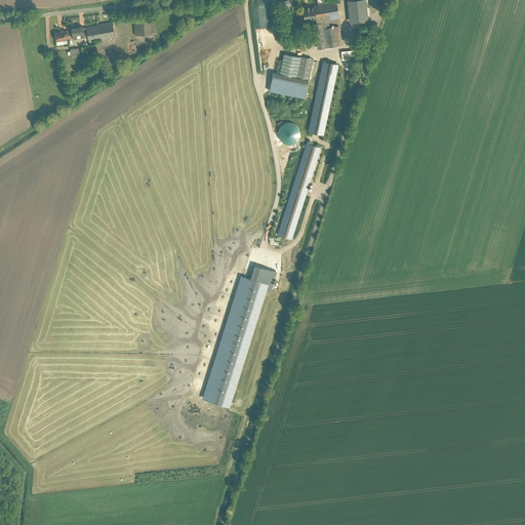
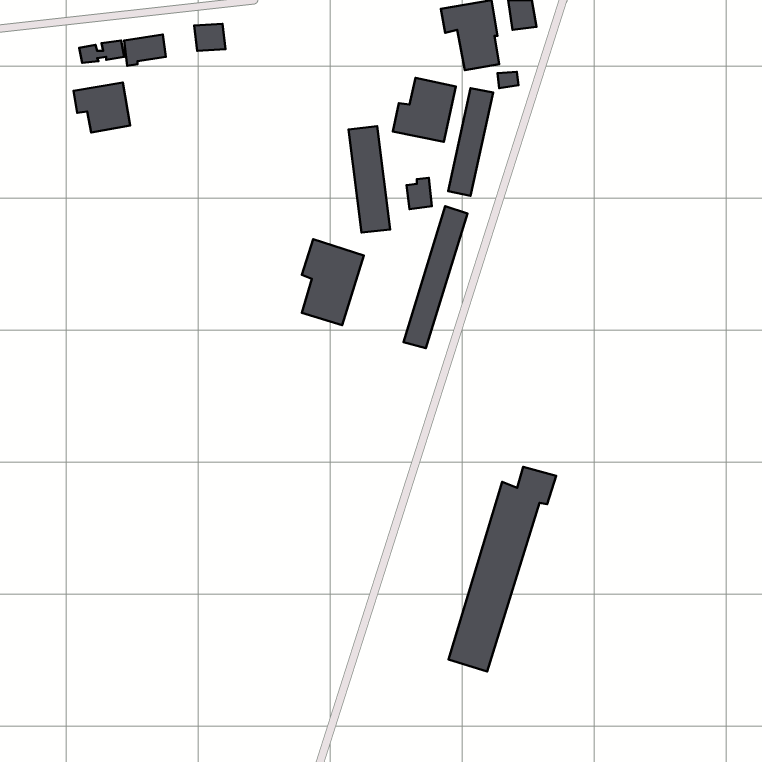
building: none -> [73,82,130,133]
building: none -> [349,126,390,233]
building: none -> [302,239,364,325]
building: [203,265,277,405] -> [448,467,556,672]

